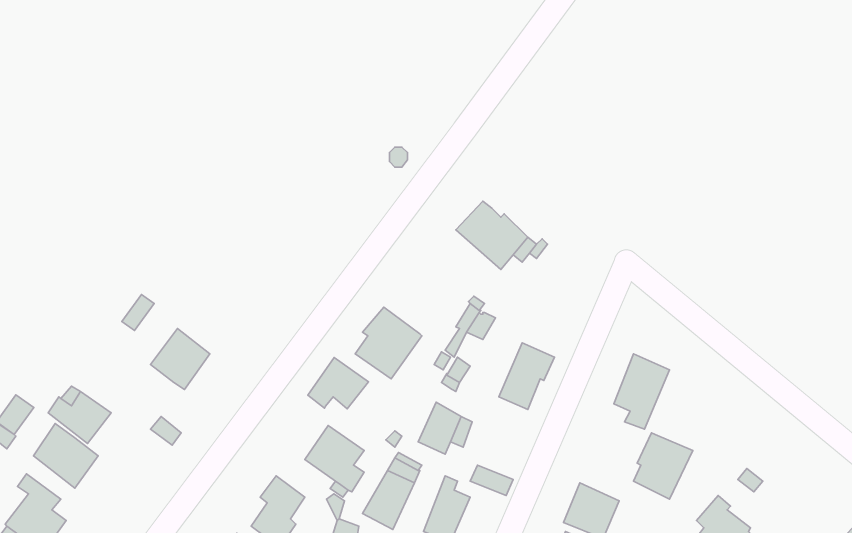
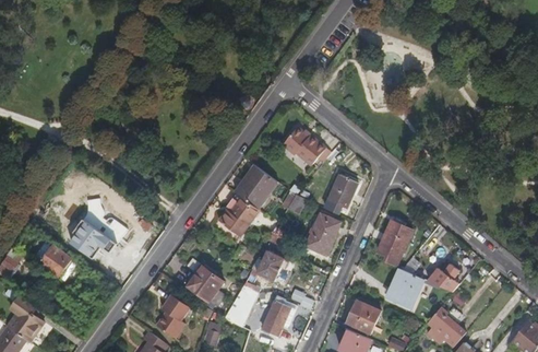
building: none -> [235,164,278,209]
building: none -> [327,173,359,210]
building: [308,358,368,409] -> none
building: none -> [426,262,462,292]
building: [34,423,98,488] -> [70,219,109,258]

